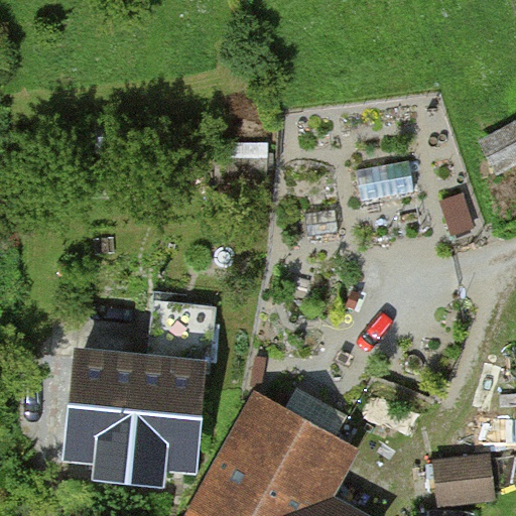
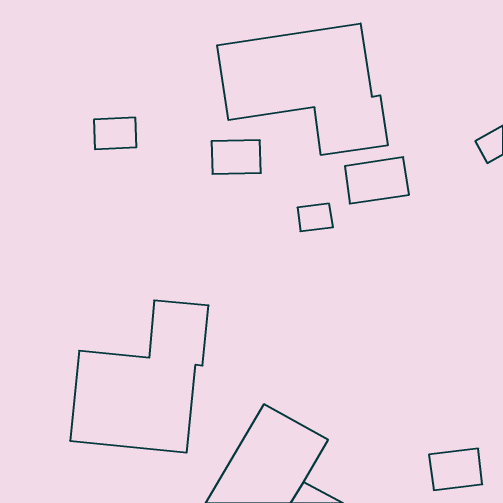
building: none -> [217,23,388,155]

